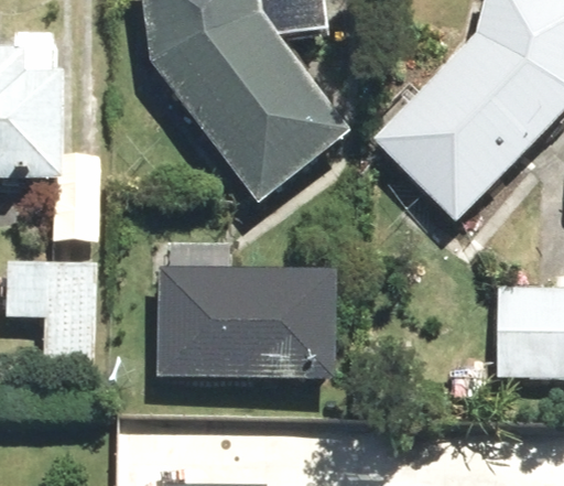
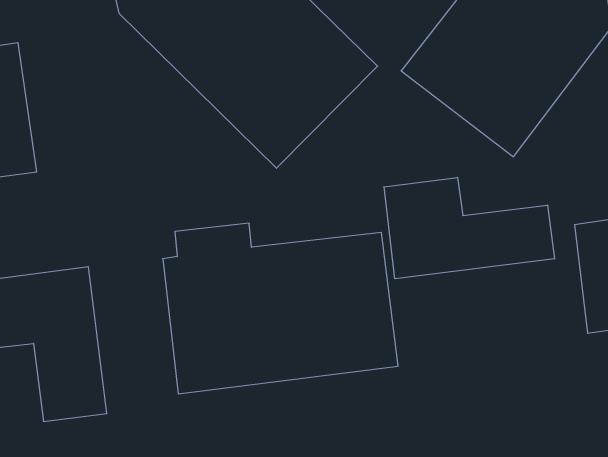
building: none -> [384,177,554,279]

